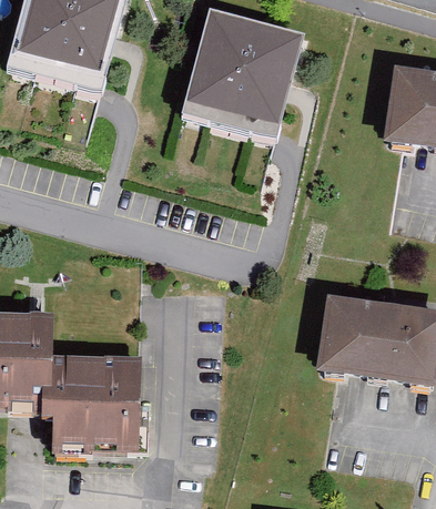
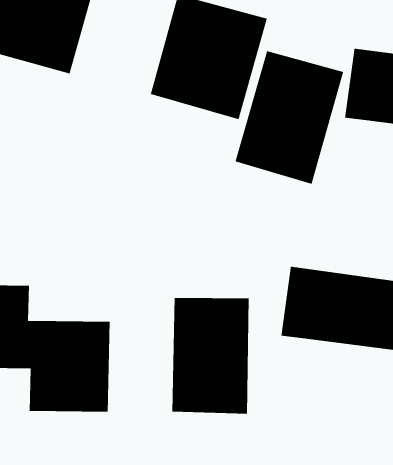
building: none -> [234,50,344,185]
building: none -> [172,297,249,414]

